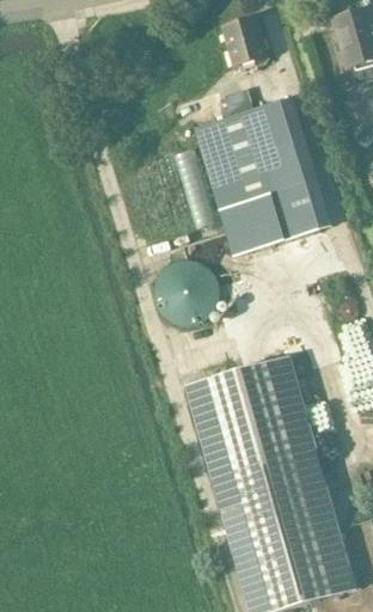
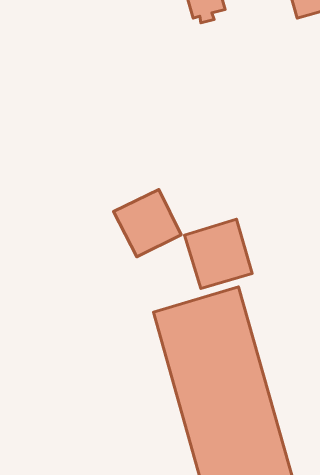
building: [195,88,320,256] -> none
building: none -> [185,219,252,288]

